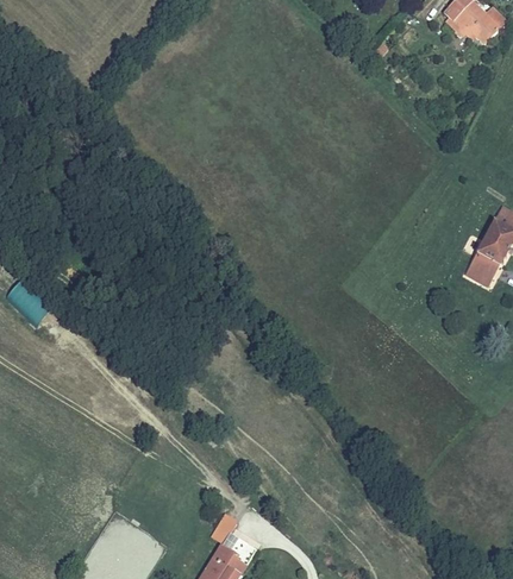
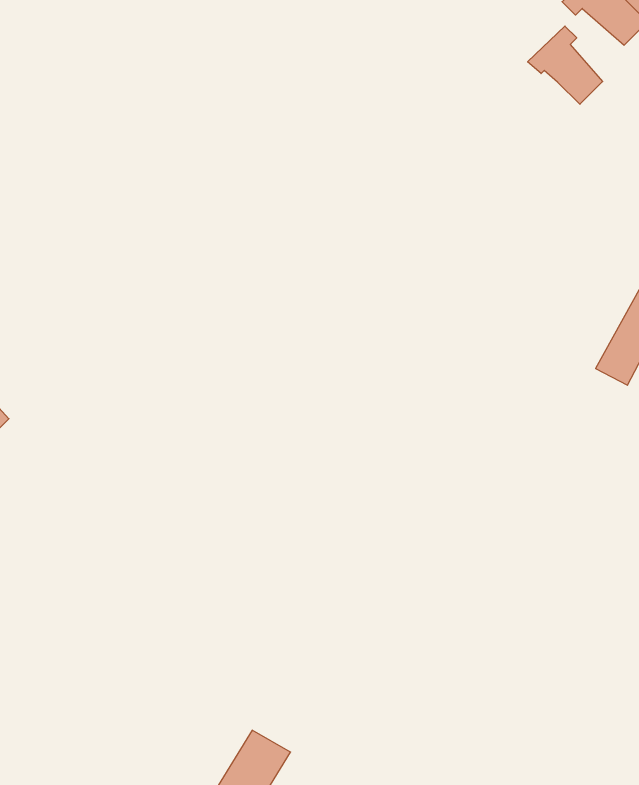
building: none -> [528,26,603,104]

